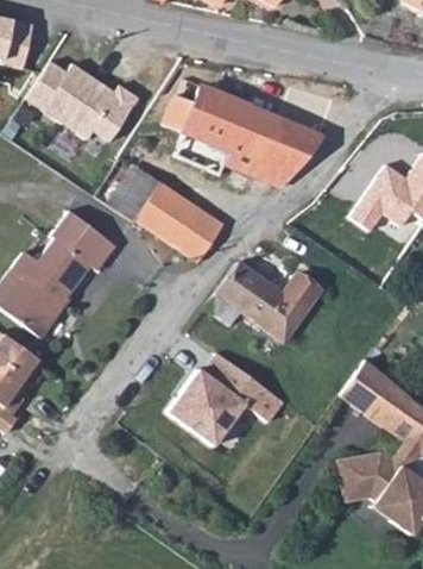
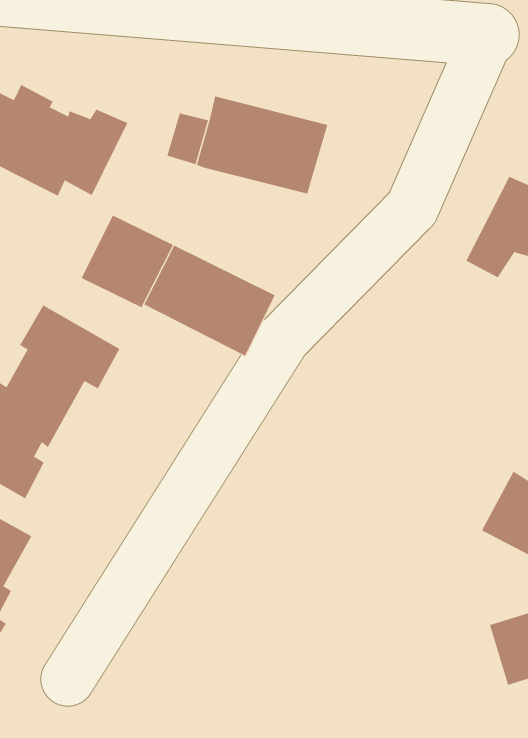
building: [176,115,323,186] -> none
building: [207,262,321,342] -> none
building: [166,365,284,446] -> none

